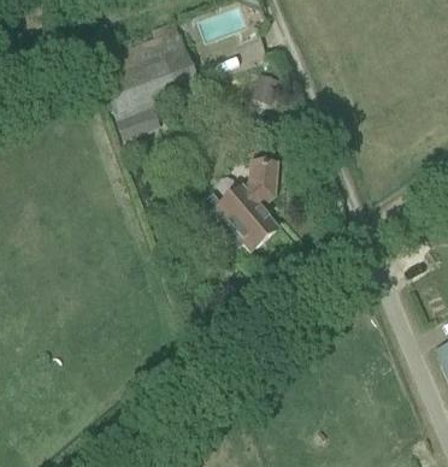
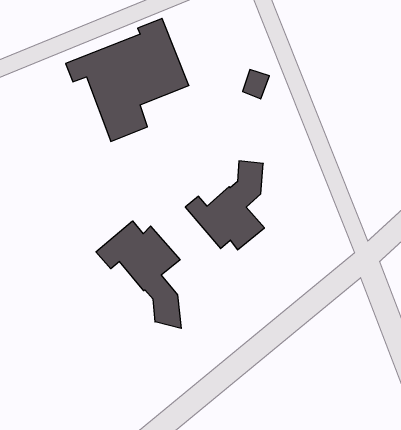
building: none -> [96,221,181,328]

